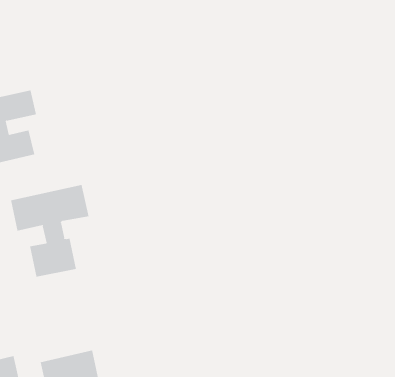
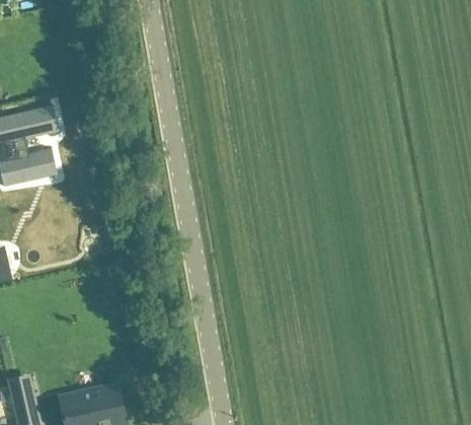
building: [10,184,89,277] -> none

